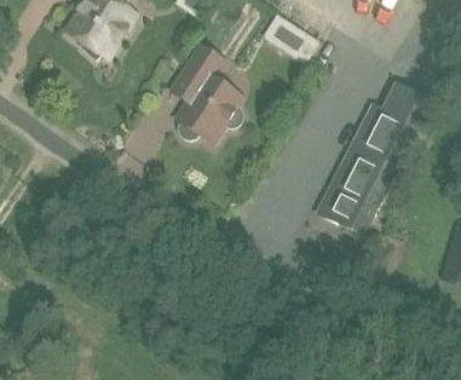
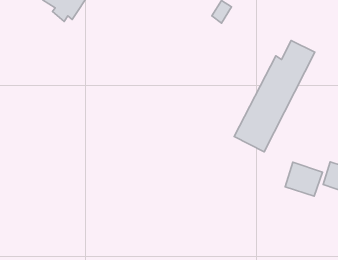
building: [174,41,242,139] -> none
building: none -> [285,162,323,196]

